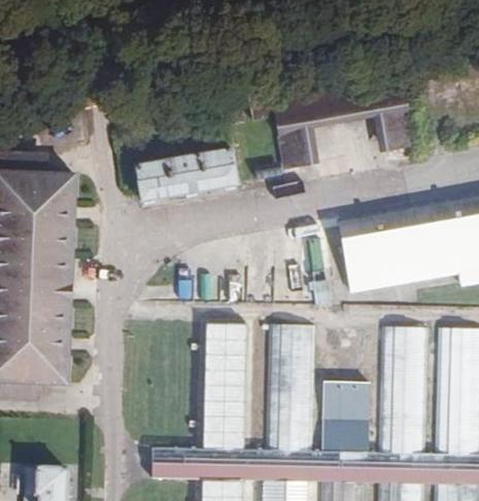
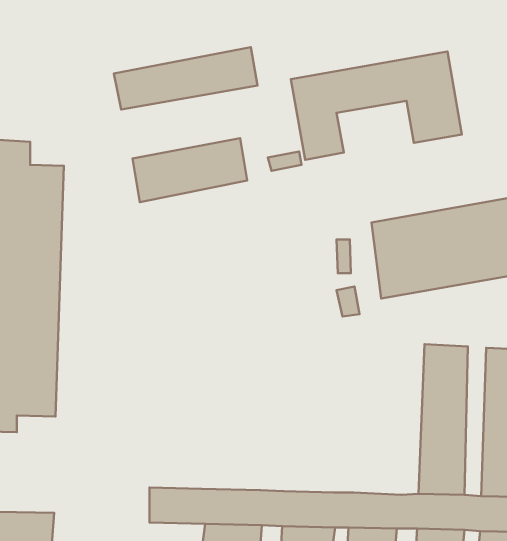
building: none -> [114,47,257,109]
building: [196,324,249,451] -> none
building: [266,326,313,453] -> none
building: [326,382,369,455] -> none

